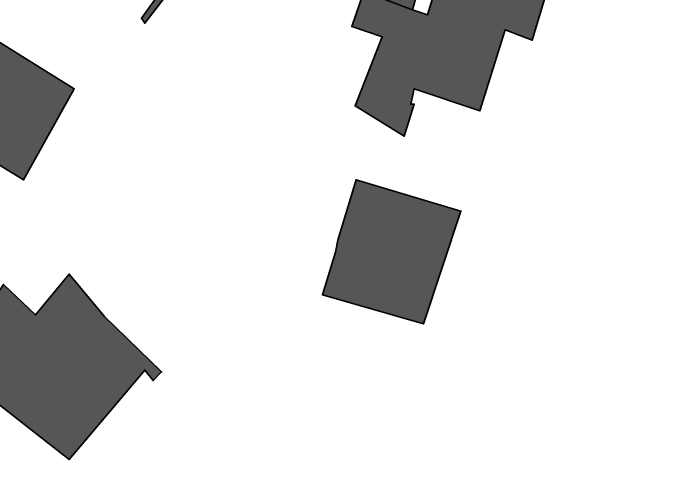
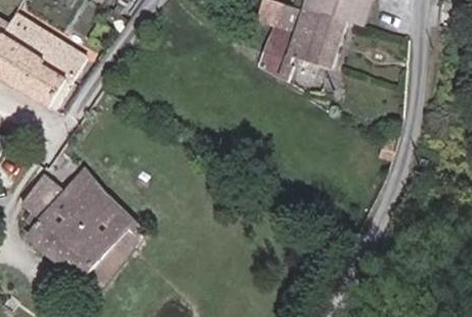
building: [322,180,461,324] -> none

